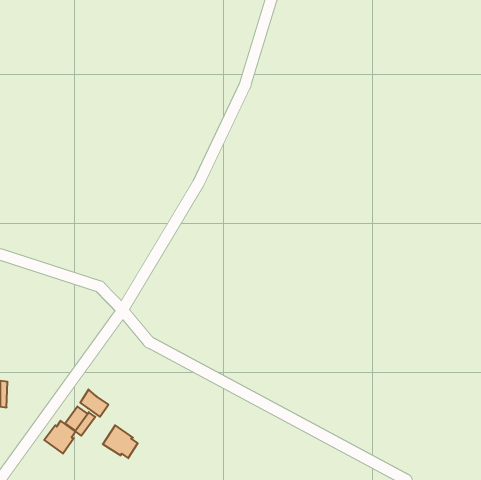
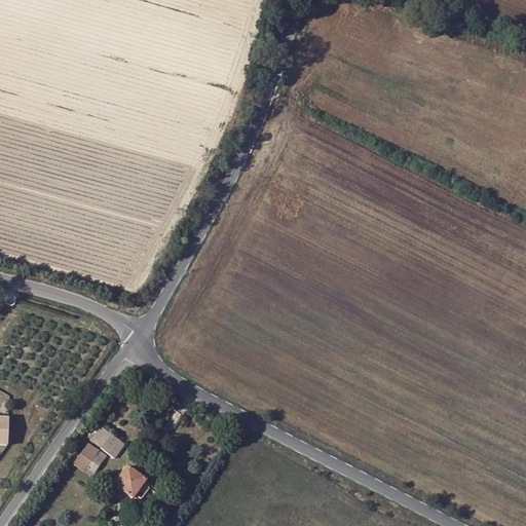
building: [44,421,75,454] -> none

